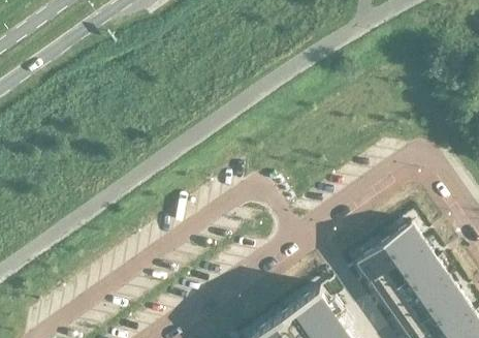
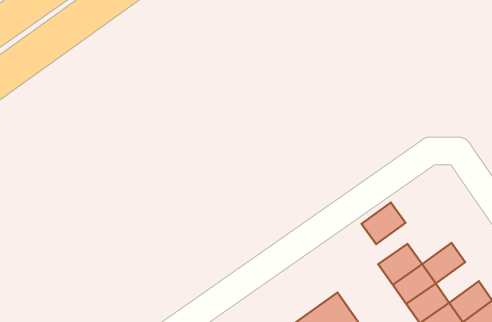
building: [383,223,423,262] -> [361,202,405,244]
building: [409,259,448,297] -> none

